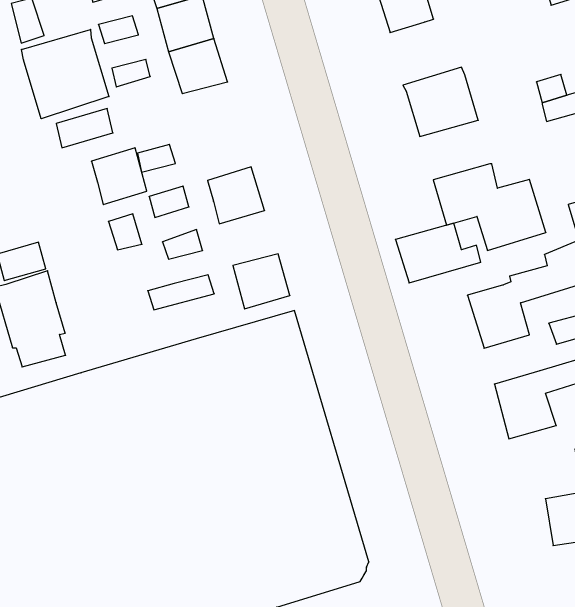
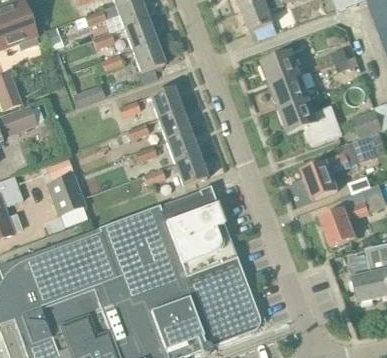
building: [21,29,109,119] -> none
building: [91,148,147,205] -> [150,86,181,118]
building: none -> [166,132,199,163]
building: [395,223,481,283] -> [271,75,318,109]

